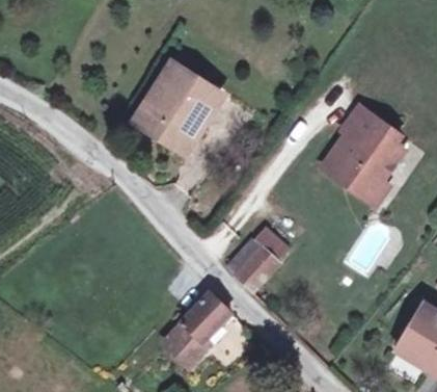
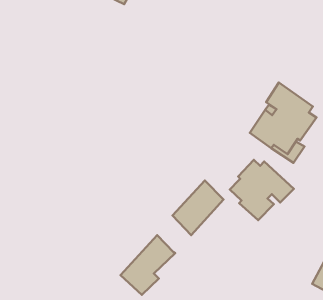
building: [130,52,216,142] -> none
building: none -> [230,160,294,220]

